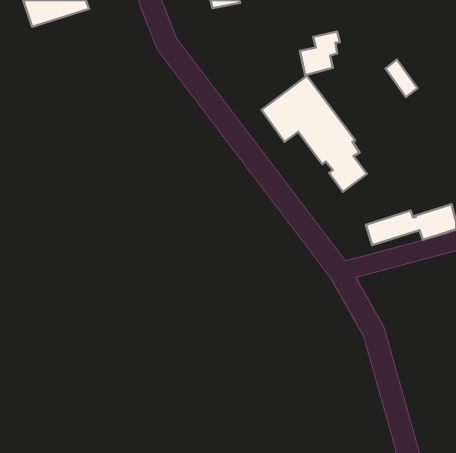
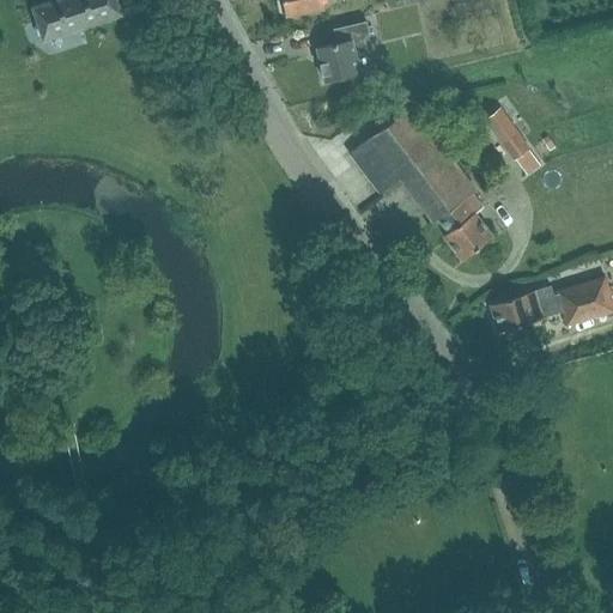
building: [300,31,340,75] -> [317,22,371,80]
building: [385,60,417,97] -> [486,113,529,163]

